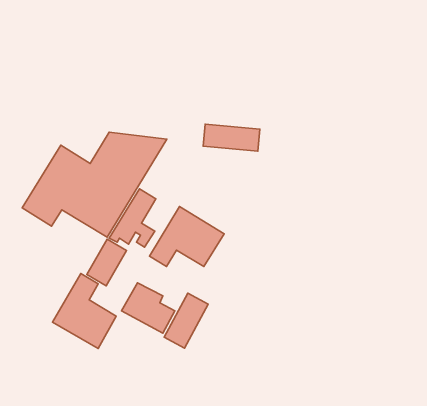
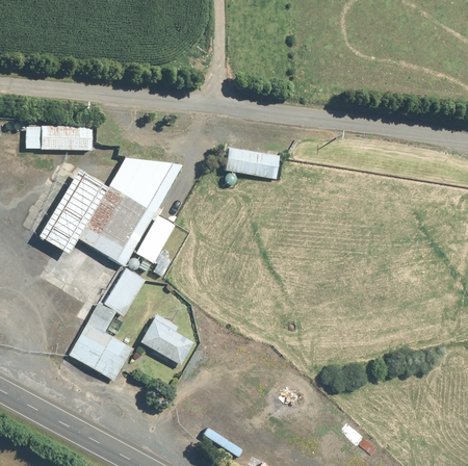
building: none -> [25,124,94,152]
building: [149,207,224,267] -> none
building: [164,293,208,348] -> none

